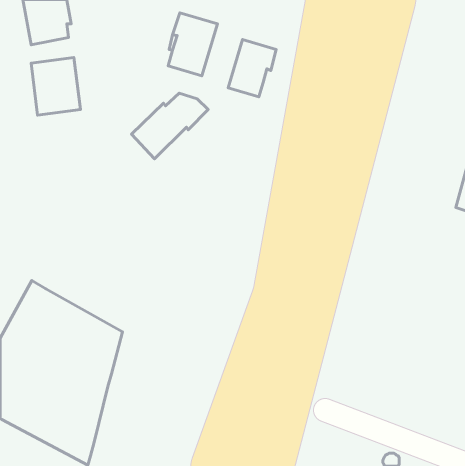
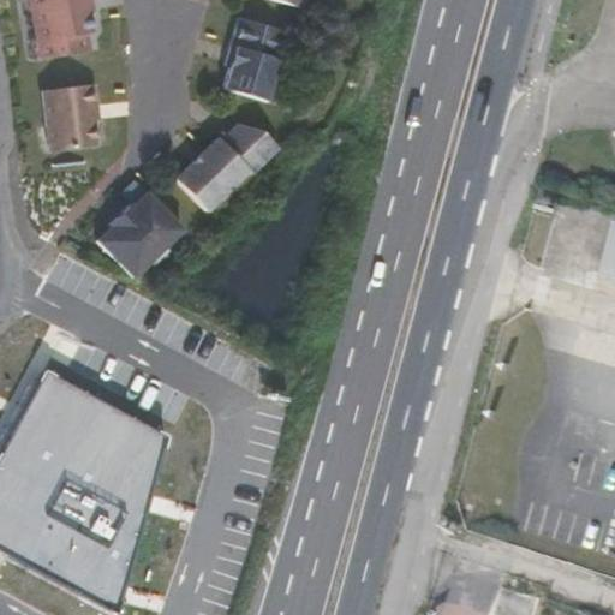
building: [228,39,276,97] -> none
building: none -> [100,193,185,279]

